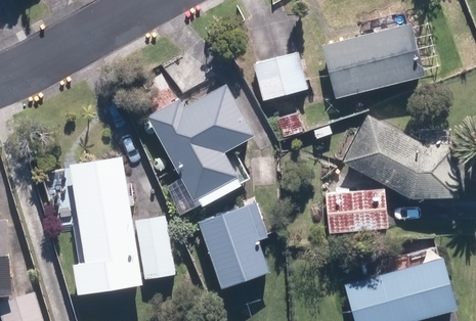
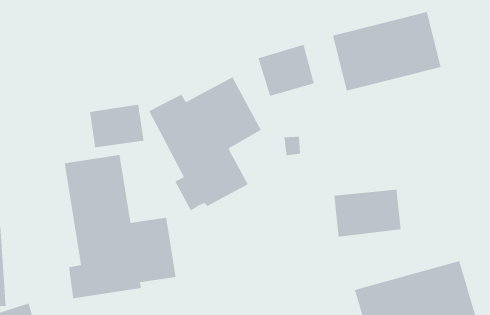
building: none -> [89,104,145,148]
building: [341,113,459,199] -> none
building: [199,205,269,287] -> none

